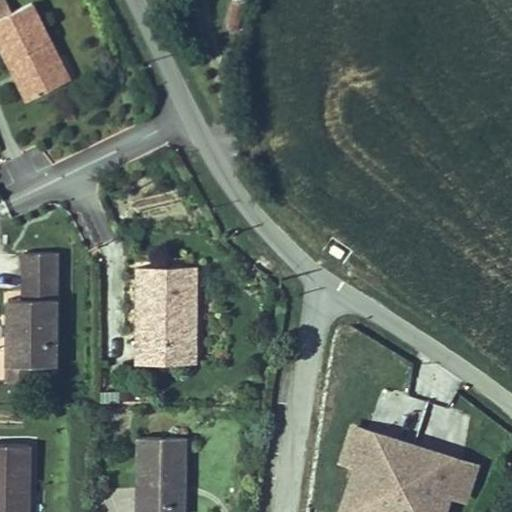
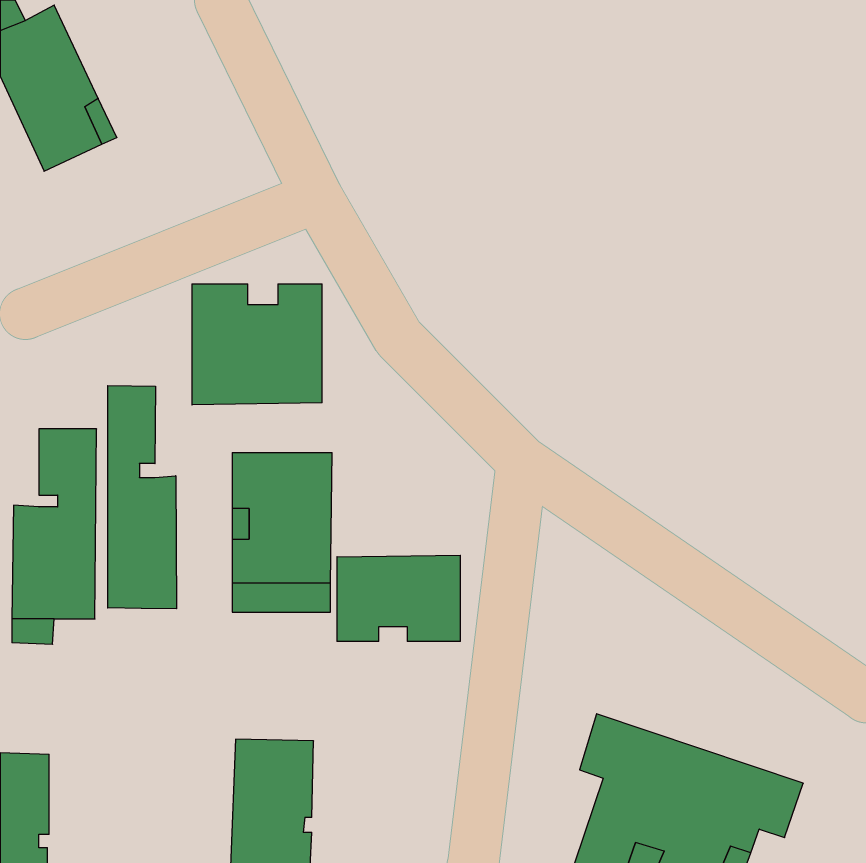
building: none -> [192,284,322,405]
building: none -> [108,386,176,609]
building: none -> [337,555,460,641]

